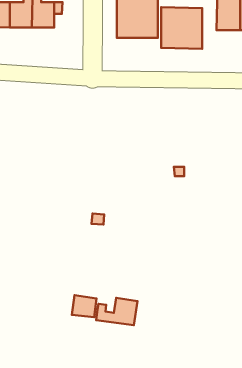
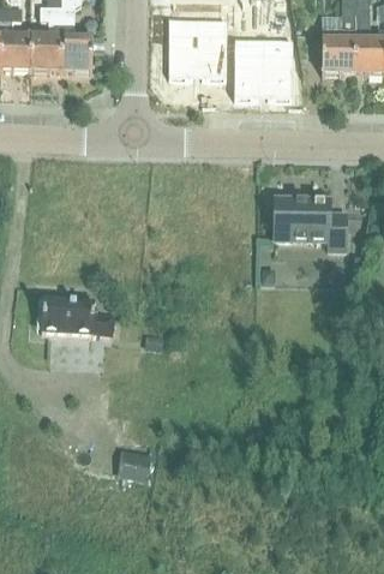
building: none -> [274,197,346,246]
building: none -> [41,295,114,333]
building: [96,298,137,325] -> none

